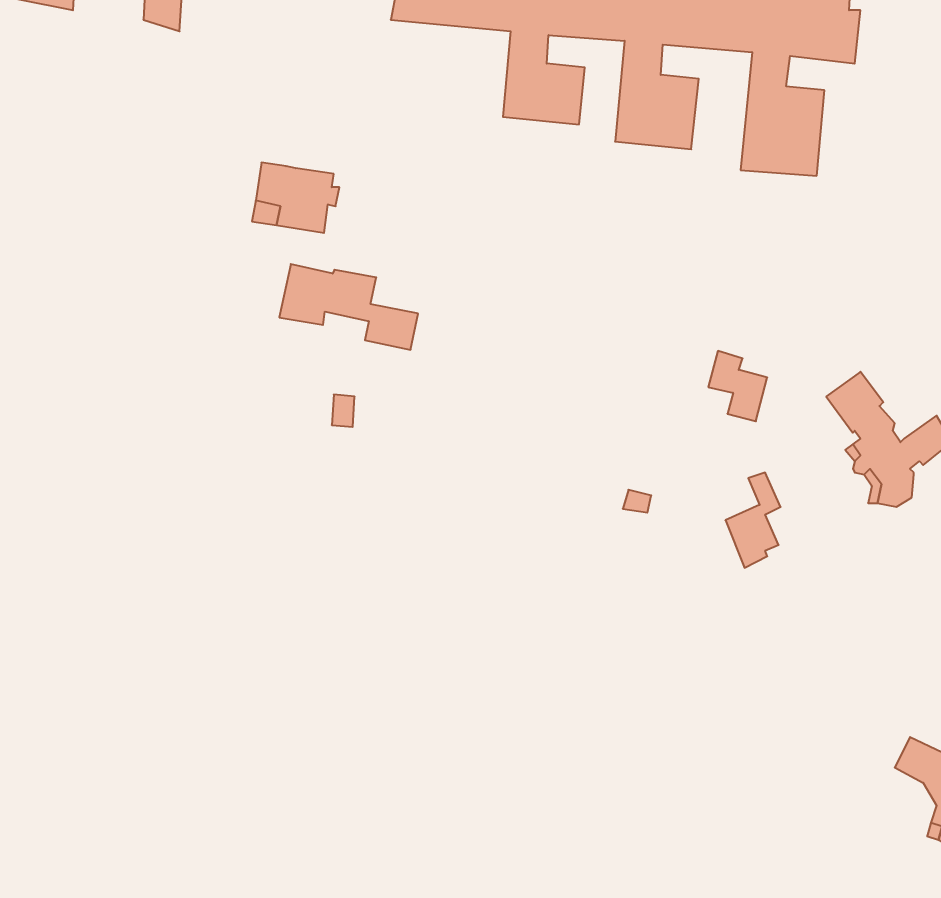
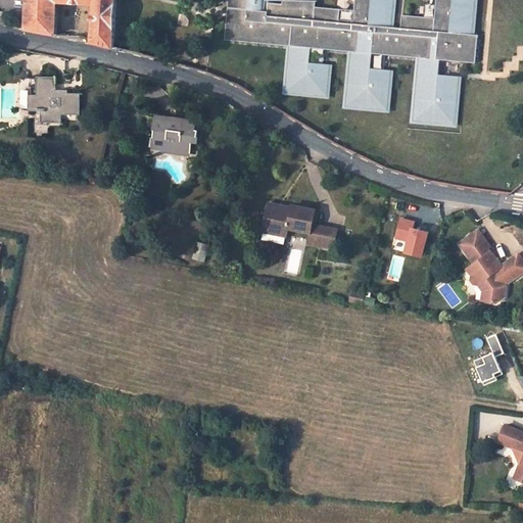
building: none -> [31,79,78,121]
building: [279,264,418,350] -> [260,202,335,248]
building: [725,473,781,568] -> [472,333,502,384]

